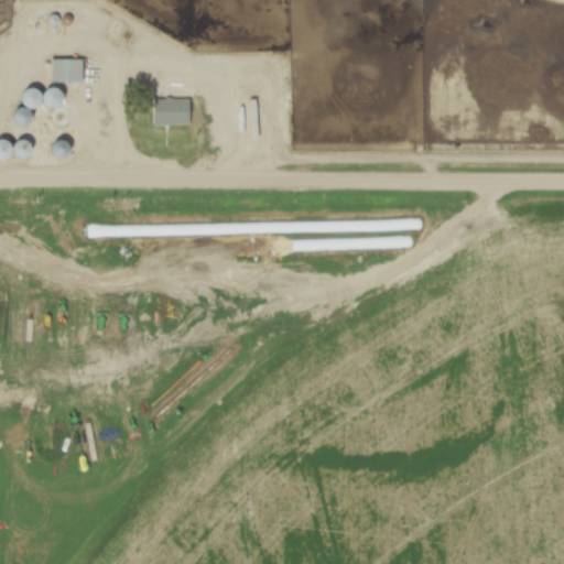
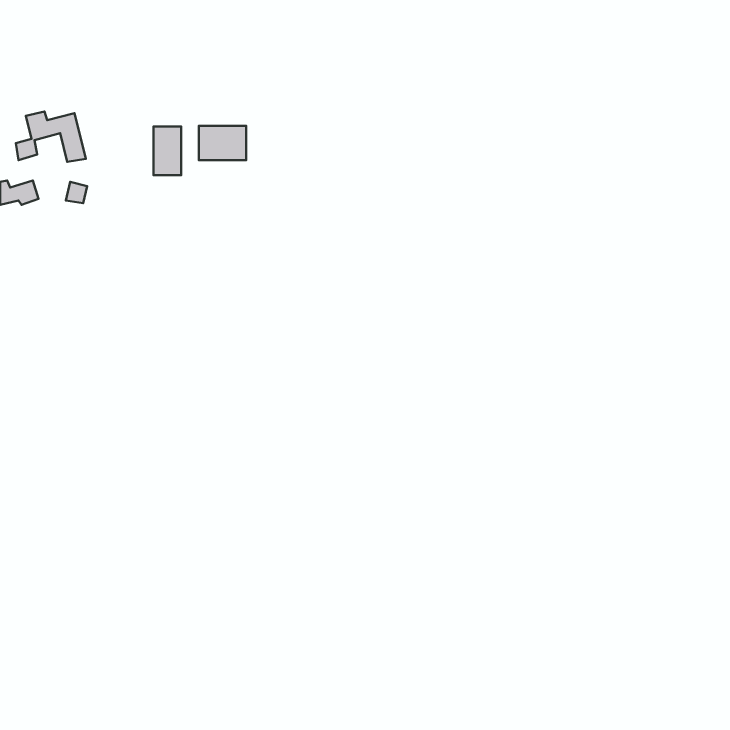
building: [52,57,83,80] -> none
building: none -> [154,127,181,175]

